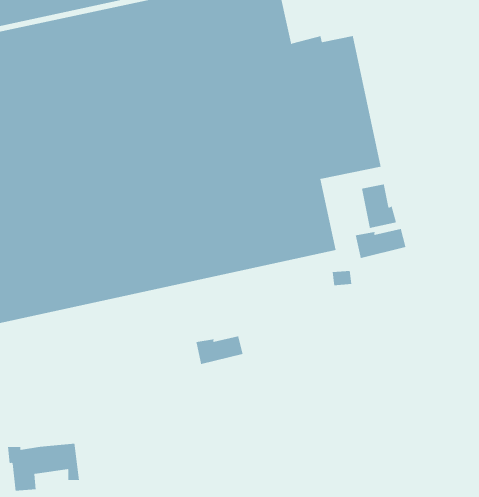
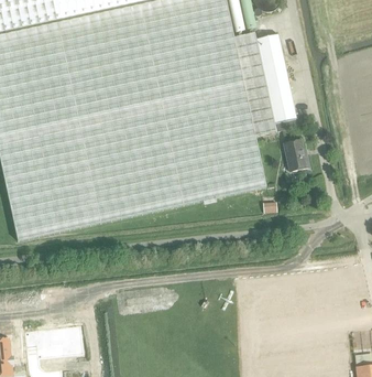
building: [355,228,406,259] -> none
building: [196,336,243,365] -> none

